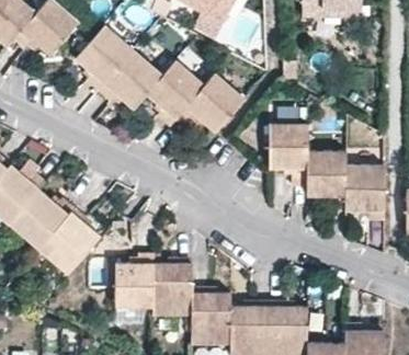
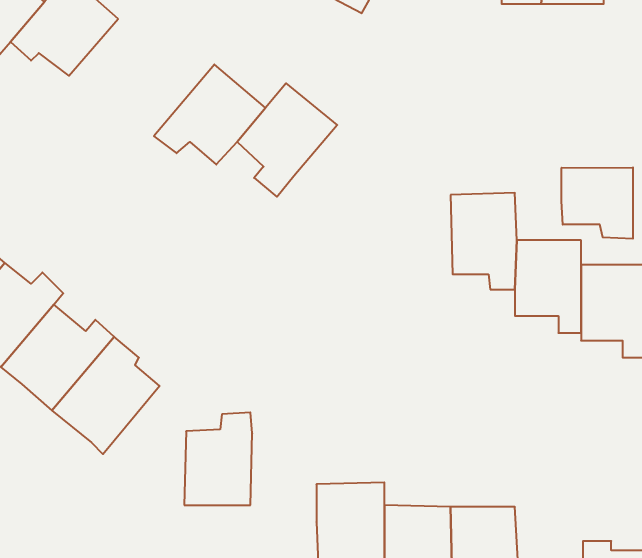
building: [75,25,134,92] -> none
building: [180,73,245,131] -> none
building: none -> [561,167,633,239]
building: [155,264,193,316] -> none

